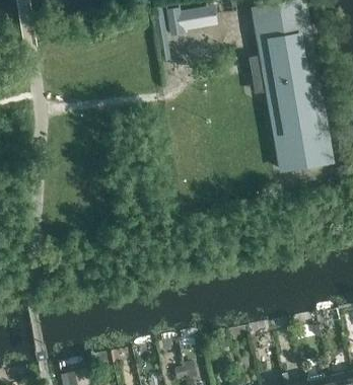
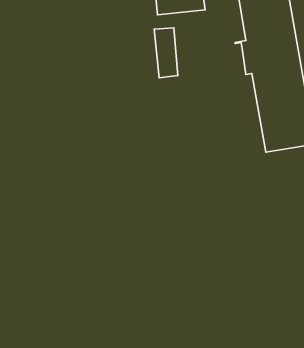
building: none -> [154,28,178,78]

